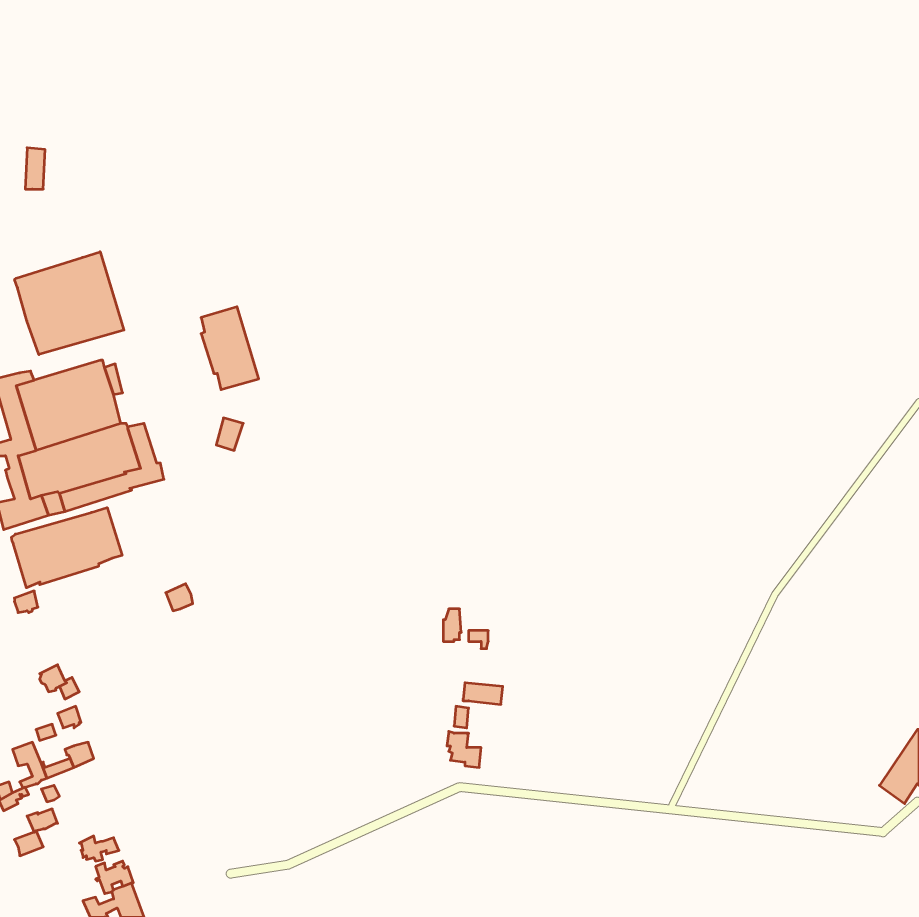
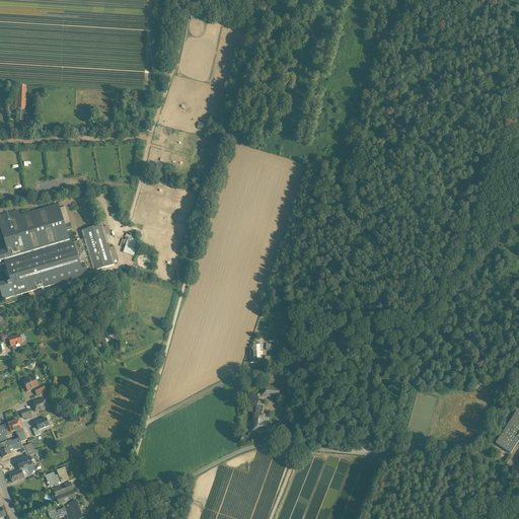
building: [15,252,124,355] -> none
building: [201,307,259,390] -> [81,223,114,270]
building: [12,508,122,588] -> none

